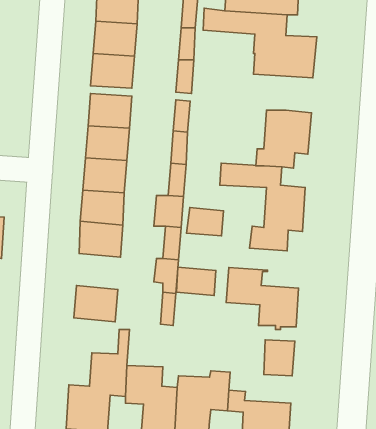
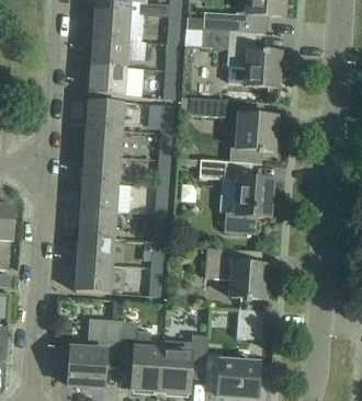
building: none -> [189,98,226,117]
building: [187,207,223,236] -> none
building: none -> [77,236,114,266]
building: [176,267,216,295] -> none

